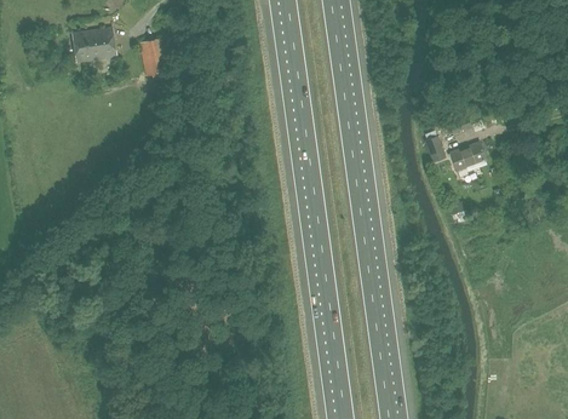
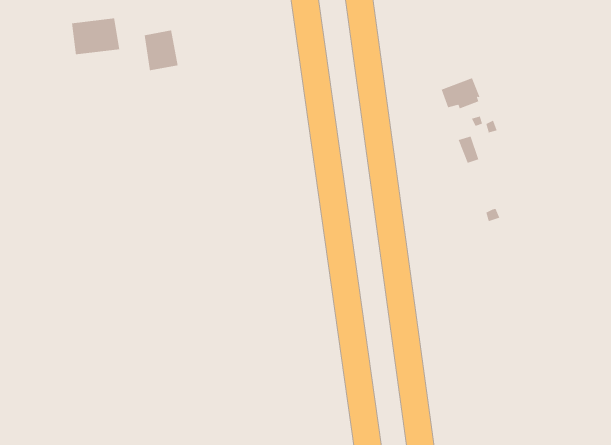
building: [449,140,486,170] -> [441,77,480,109]

